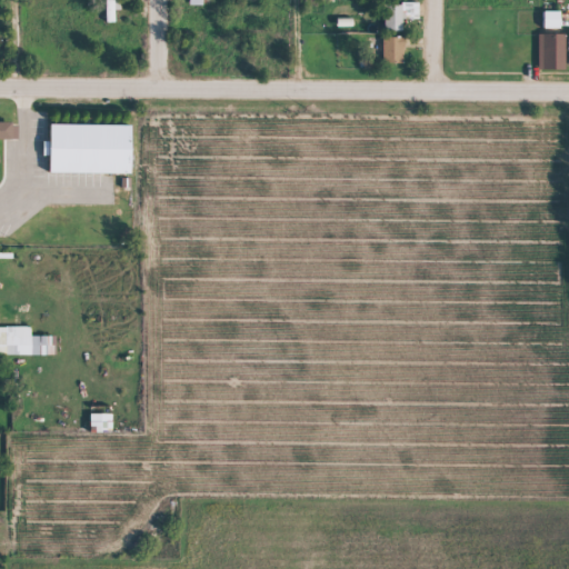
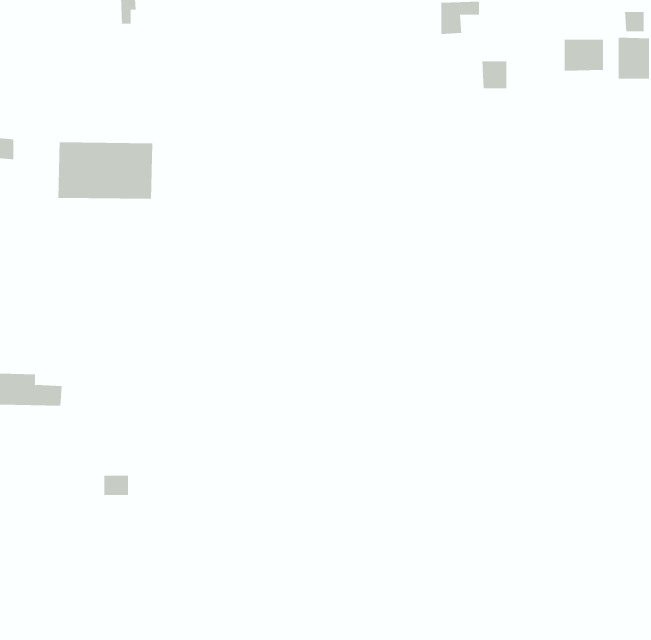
building: none -> [564,39,604,72]
building: [381,37,403,61] -> [482,61,507,89]

